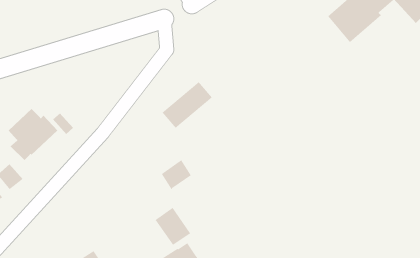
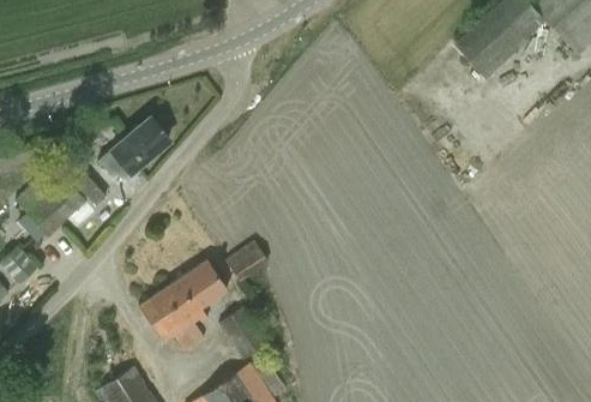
building: [162,81,213,129] -> [98,119,169,185]
building: none -> [139,260,228,352]

